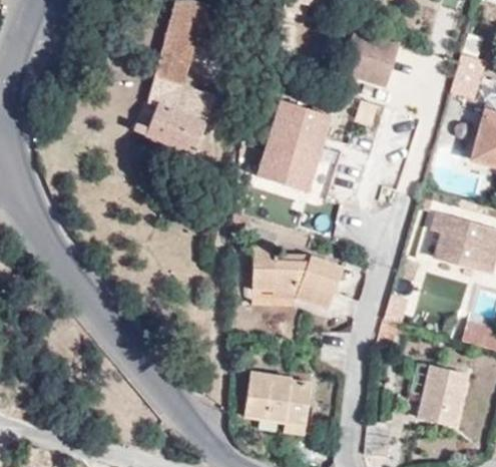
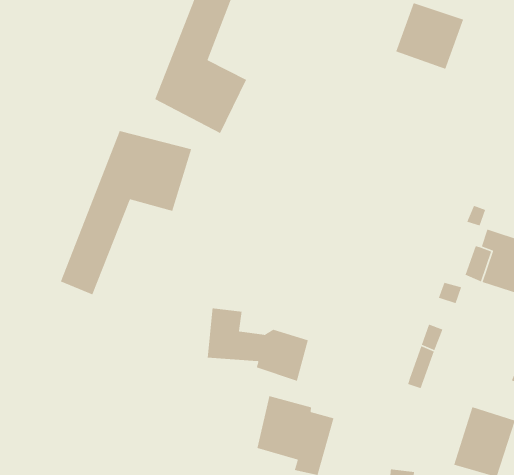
building: [261,102,331,191] -> none
building: none -> [60,130,192,296]
building: [257,245,342,302] -> [207,308,309,382]

